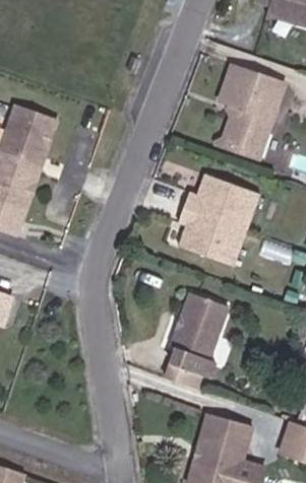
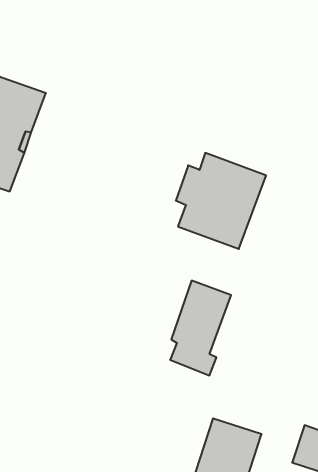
building: [219,65,283,155] -> none

